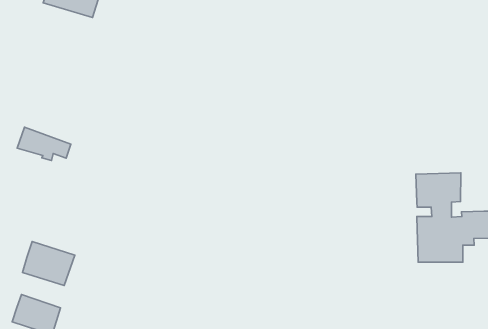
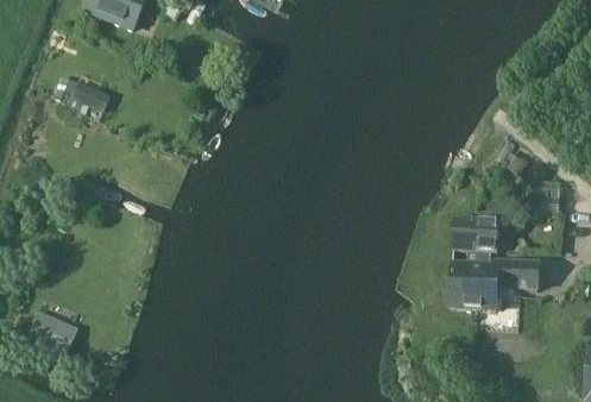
building: [17,127,71,161] -> [51,75,107,112]
building: [23,241,75,285] -> none

